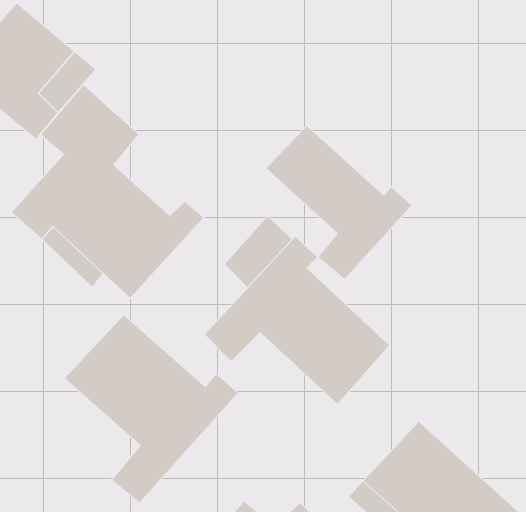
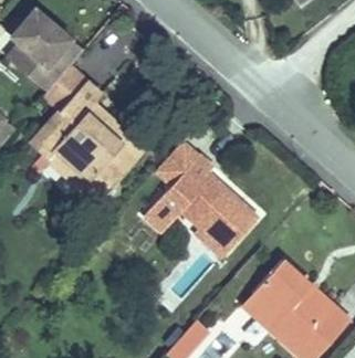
building: [265,125,413,280] -> none
building: [64,314,239,503] -> none

